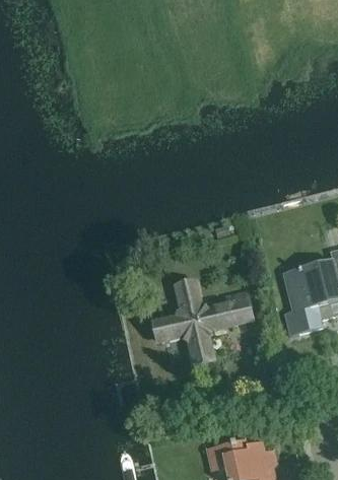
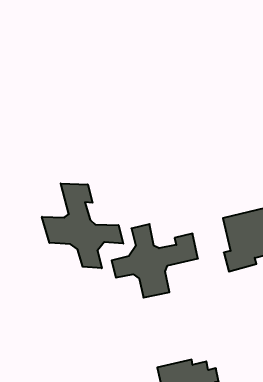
building: none -> [42,183,123,268]

